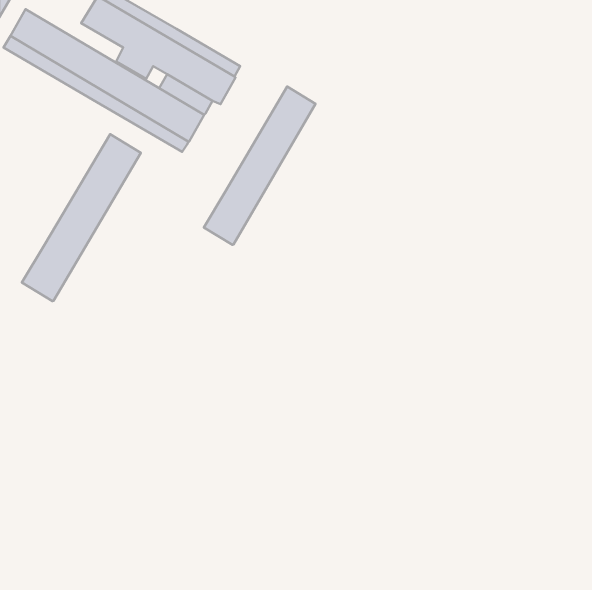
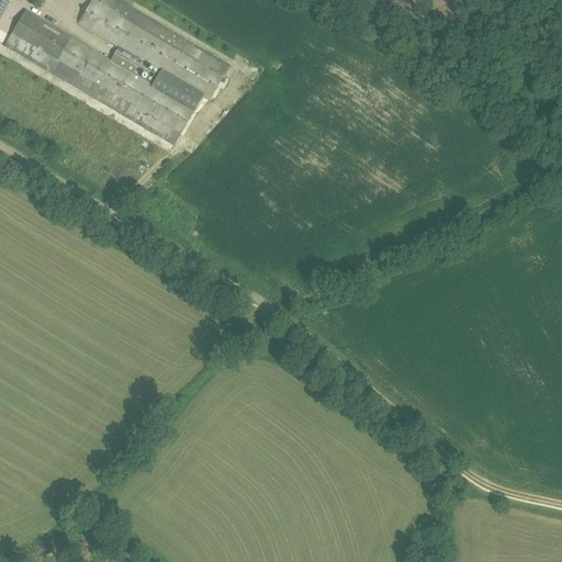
building: [204,87,316,245] -> none
building: [22,134,141,301] -> none

